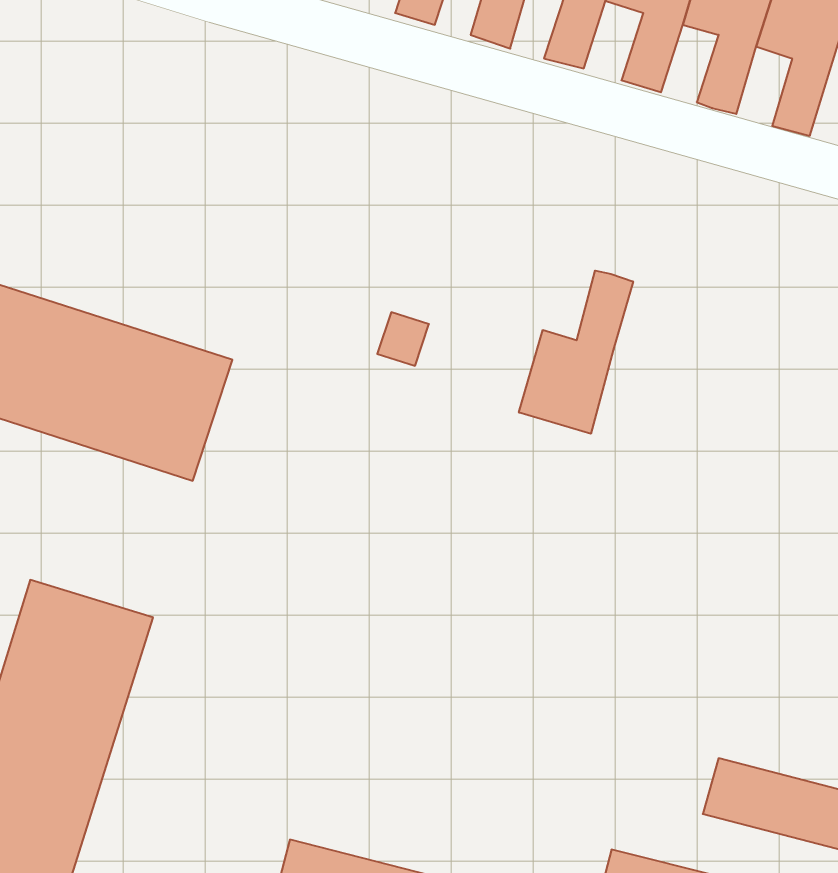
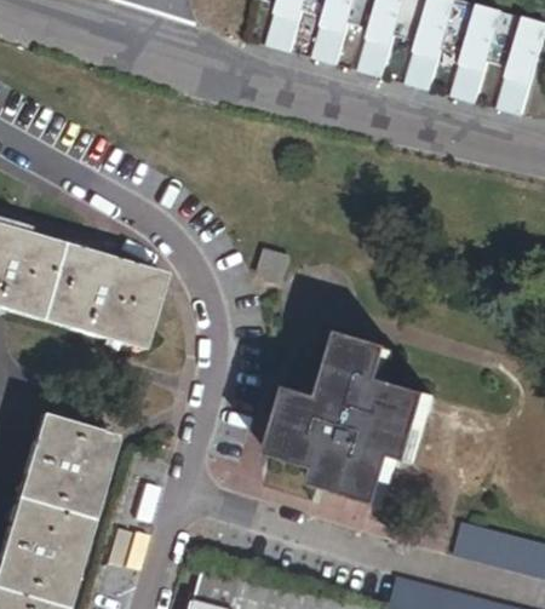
building: [519,271,633,434] -> none
building: none -> [272,331,430,502]

